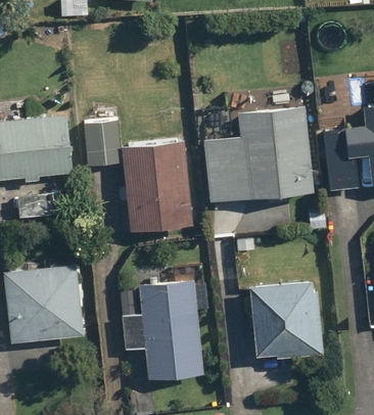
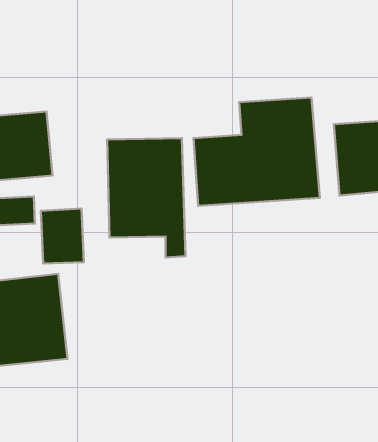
building: [81,119,119,167] -> [41,209,84,263]
building: [115,277,208,376] -> none
building: [249,279,320,353] -> none

